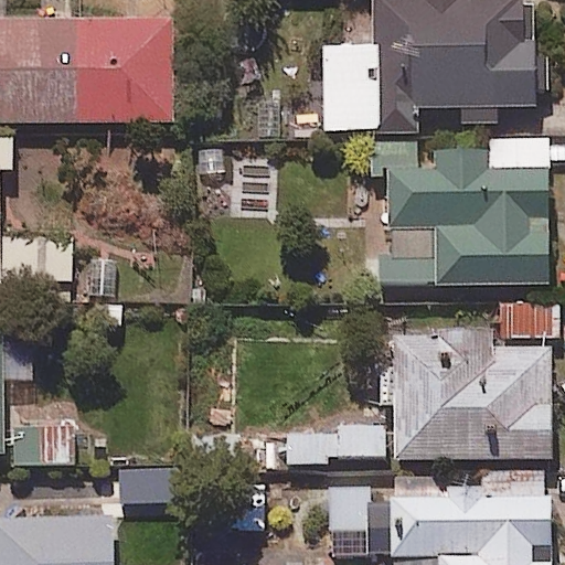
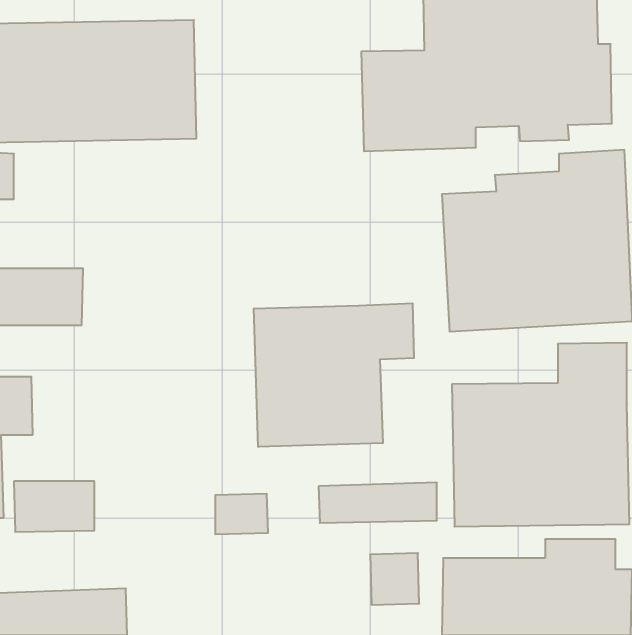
building: none -> [254,303,414,447]

